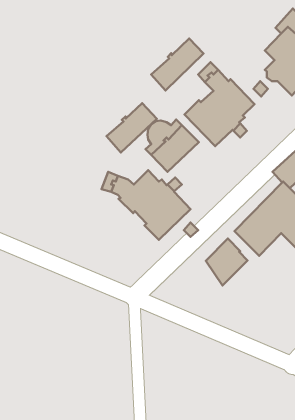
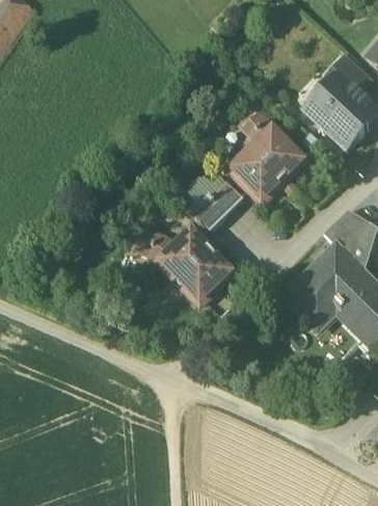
building: [151,38,204,90] -> none
building: [106,103,157,153] -> none
building: [206,239,247,285] -> none

